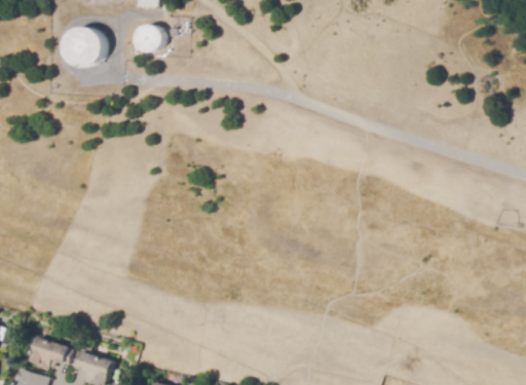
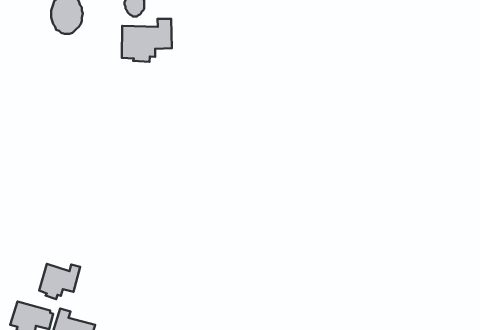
building: none -> [122,19,172,62]
building: none -> [39,264,80,299]

